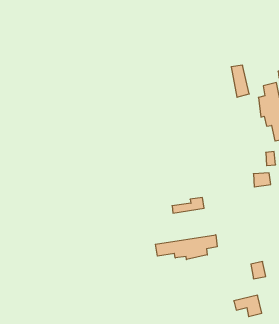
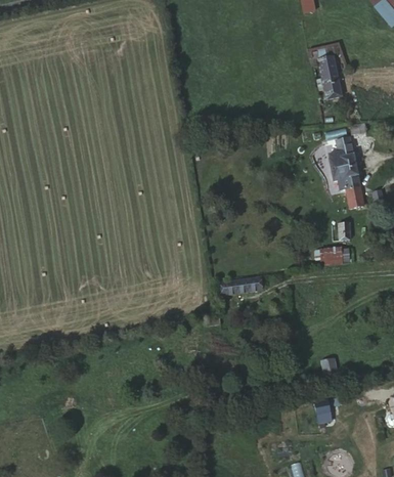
building: [231,65,249,97] -> [318,55,341,95]
building: [155,235,217,260] -> none

